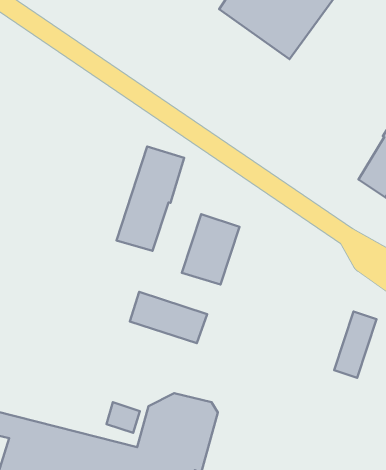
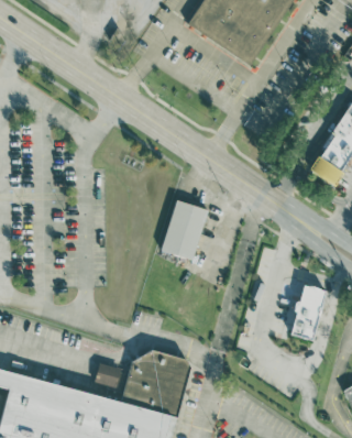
building: [117,146,184,251] -> none
building: [130,292,207,343] -> none

